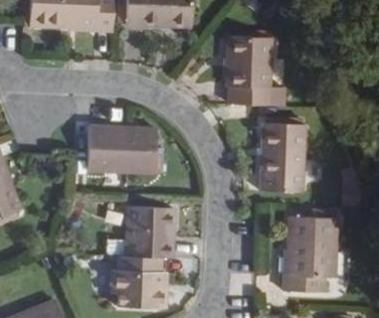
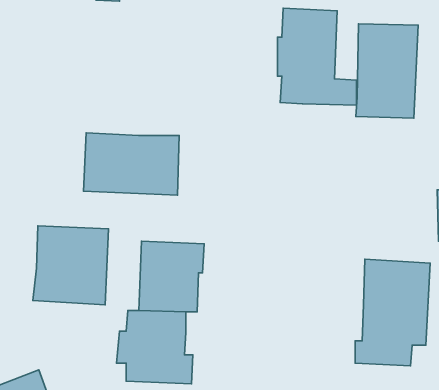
building: [260,123,306,191] -> [356,24,418,118]
building: none -> [33,226,108,305]

